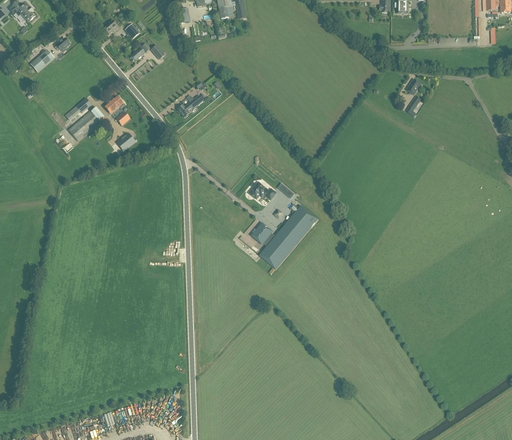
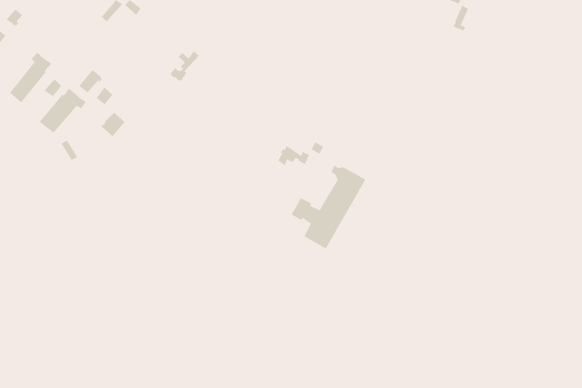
building: none -> [10,52,52,103]

